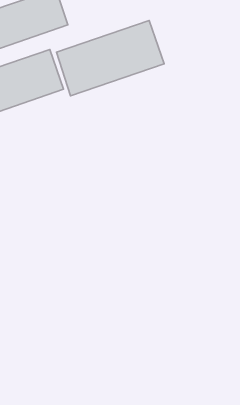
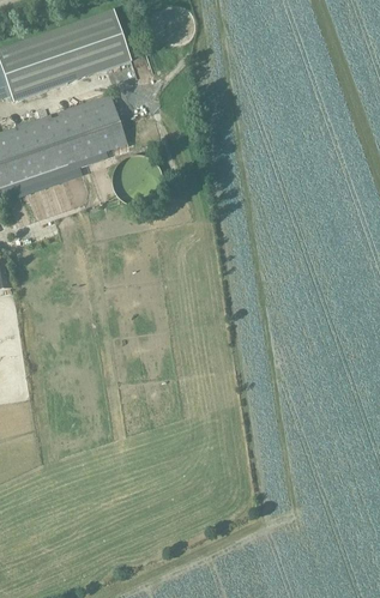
building: [56,21,164,96] -> none

